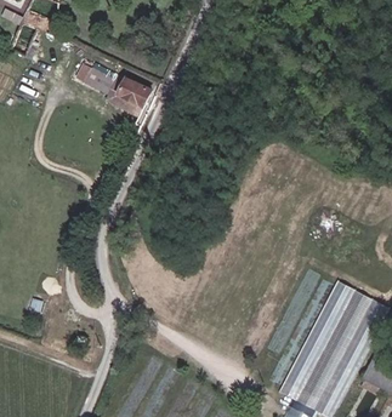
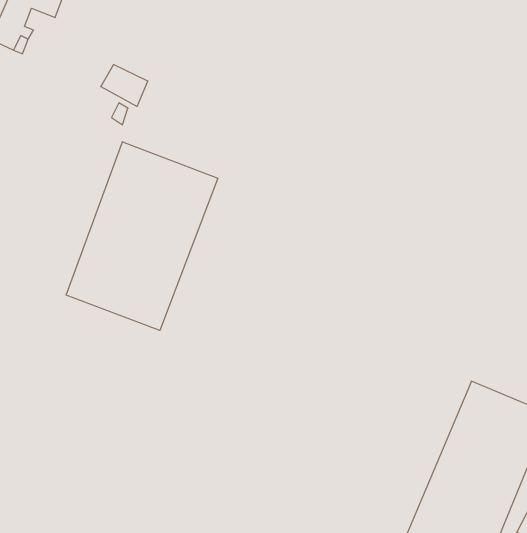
building: [112,80,150,108] -> none
building: none -> [66,142,218,330]

